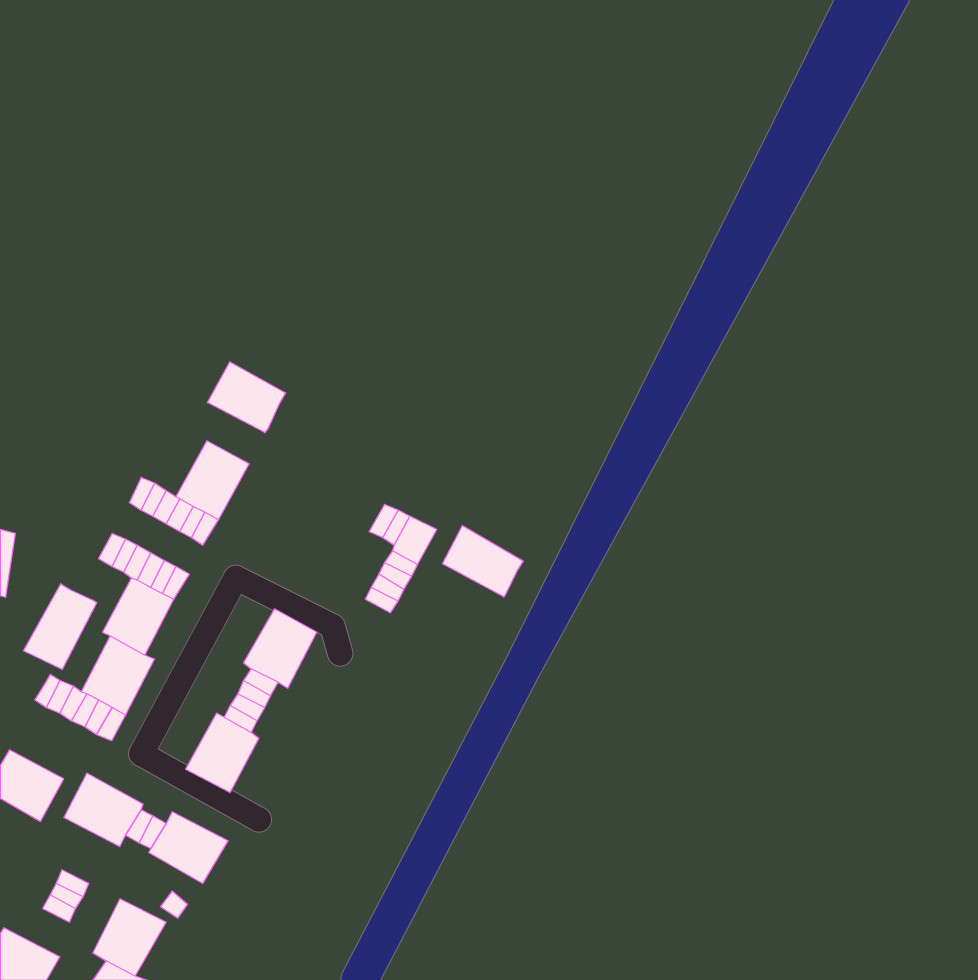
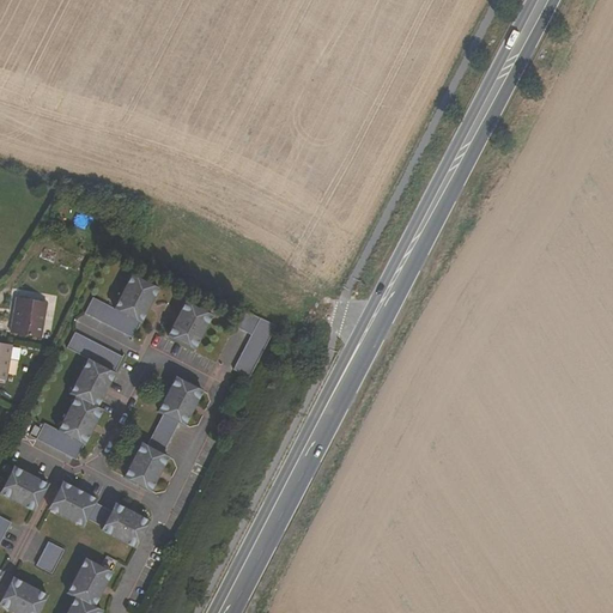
building: [207,362,286,433] -> none
building: none -> [11,280,49,322]
building: none -> [168,301,213,351]
building: [443,526,523,597] -> none
building: [24,584,97,670] -> none

